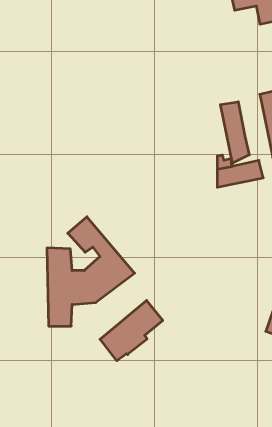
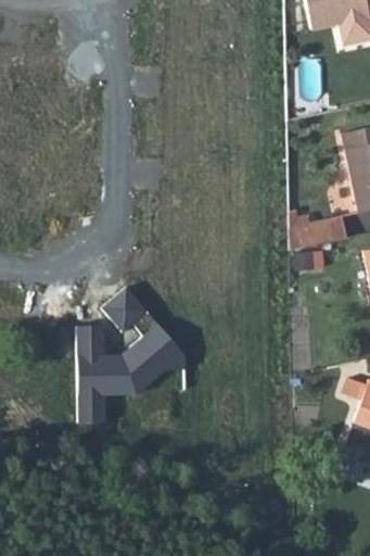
building: [220,102,249,163] -> none
building: [100,300,163,361] -> none

